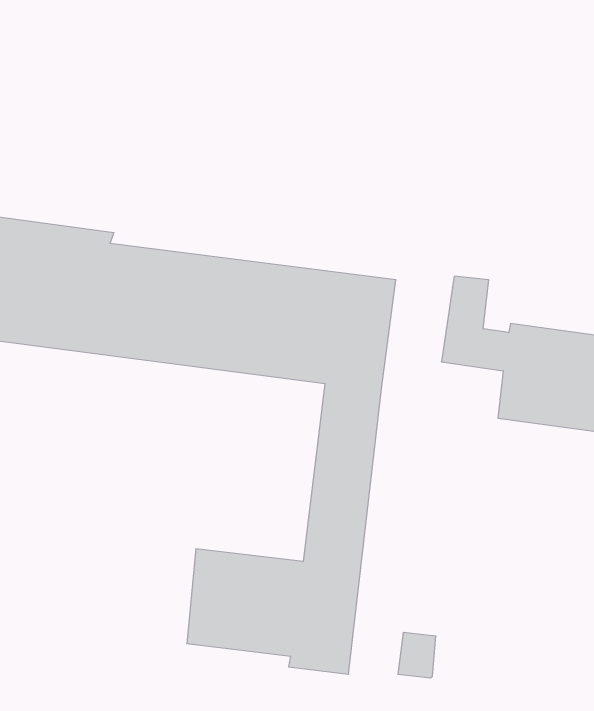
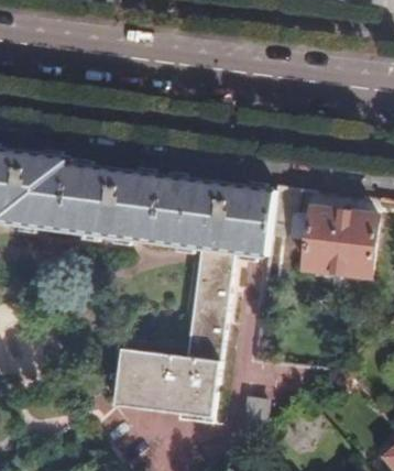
building: none -> [233,185,276,255]

